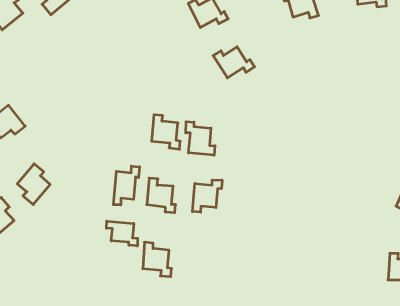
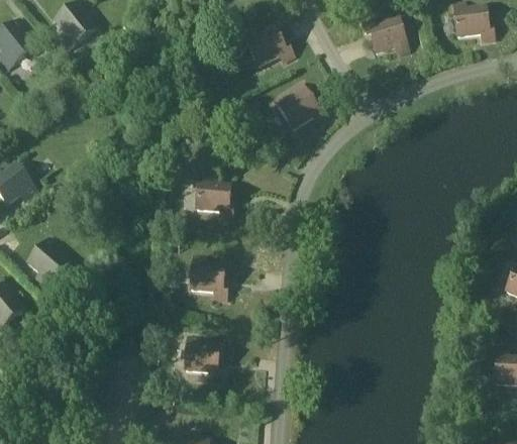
building: [186,122,215,155] -> none
building: [113,166,140,205] -> none
building: [192,180,222,212] -> none
building: [106,221,138,246] -> none

